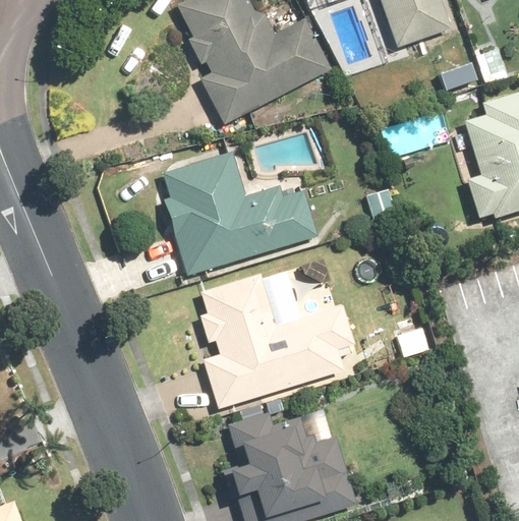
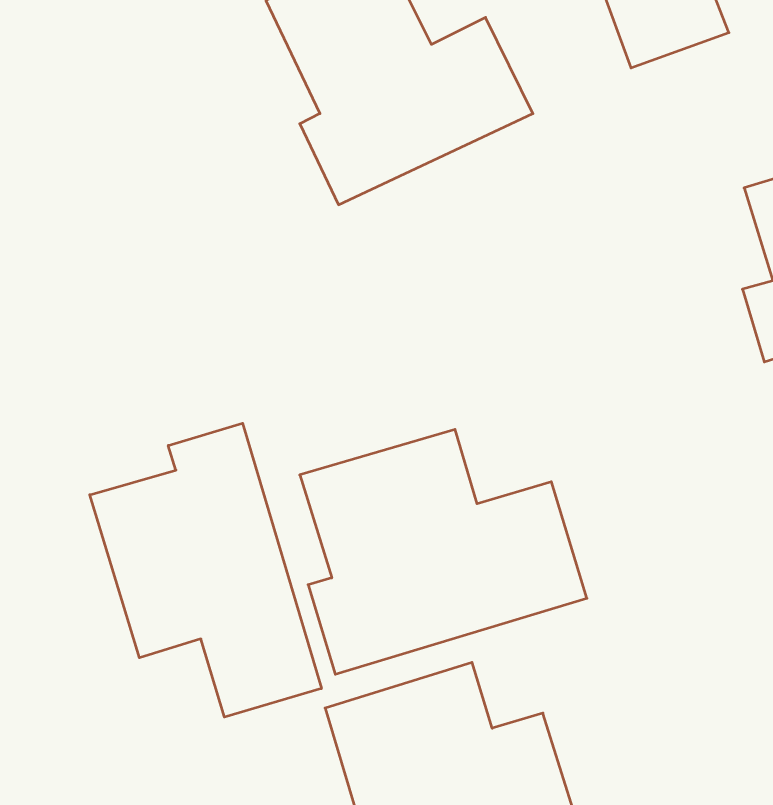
building: [156,149,320,276] -> none
building: none -> [90,423,321,717]

